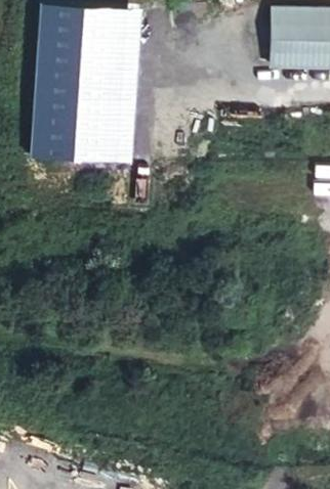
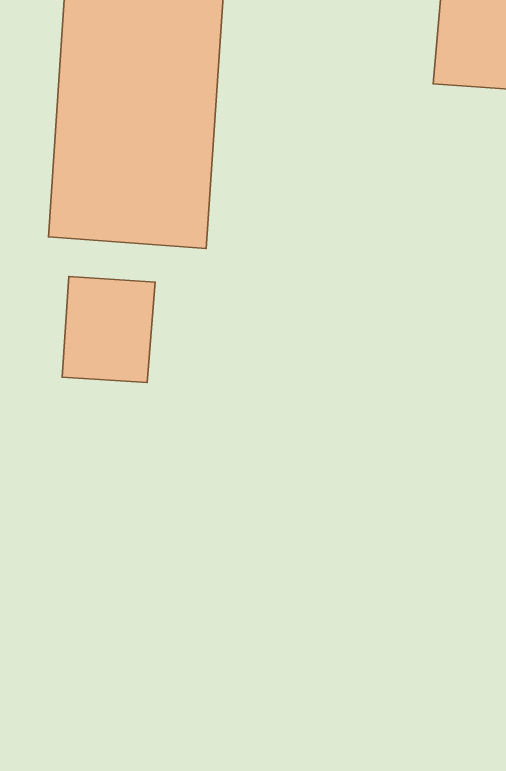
building: none -> [62,277,155,383]

